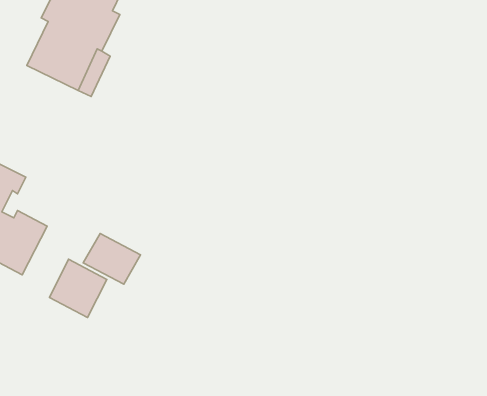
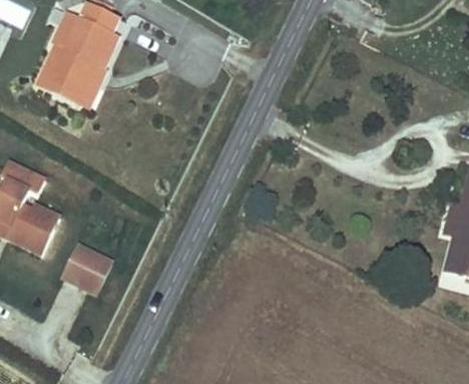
building: [83,233,141,284] -> none

